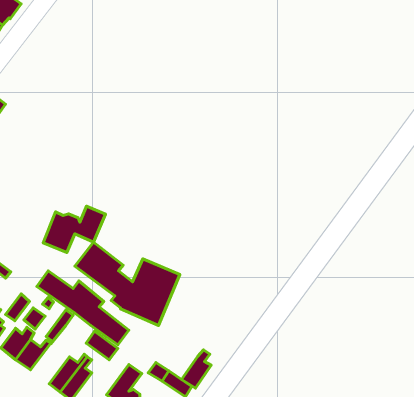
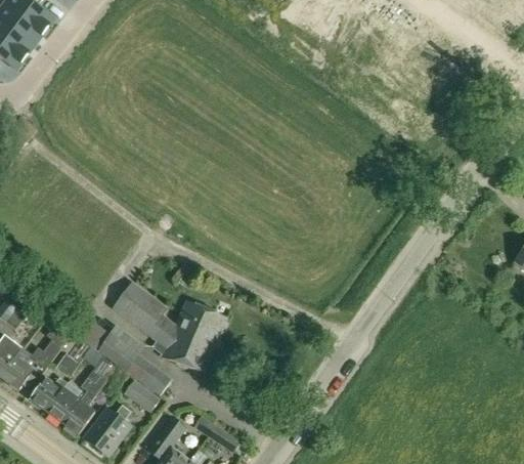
building: [43,206,105,253] -> none
building: none -> [63,374,107,434]
building: [182,350,211,388] -> none

